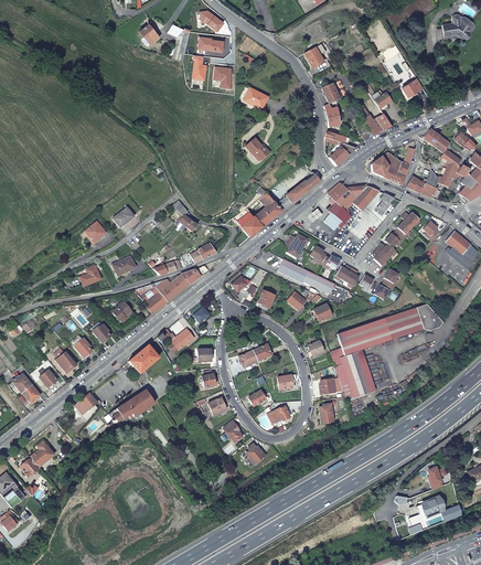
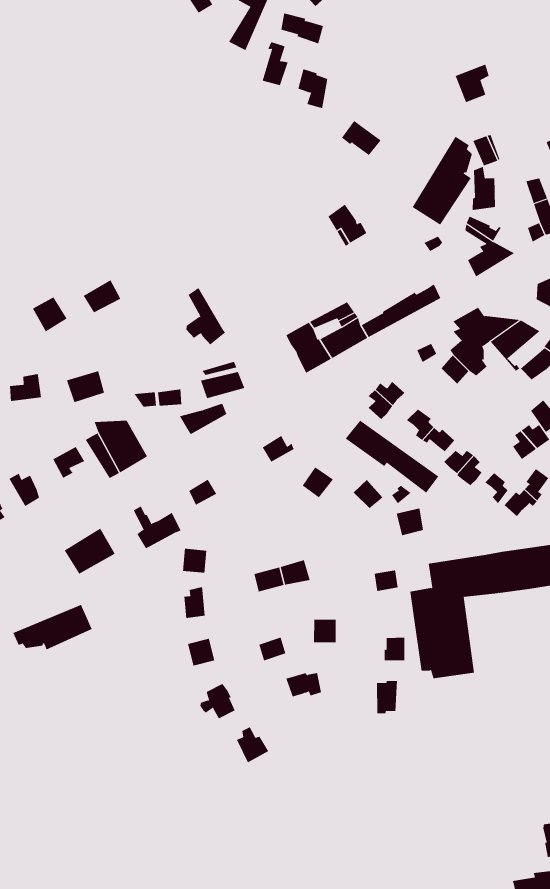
building: none -> [412,136,472,225]
building: [152,274,189,300] -> none

